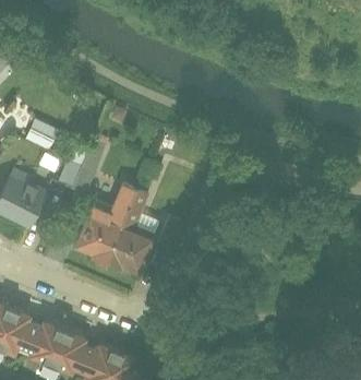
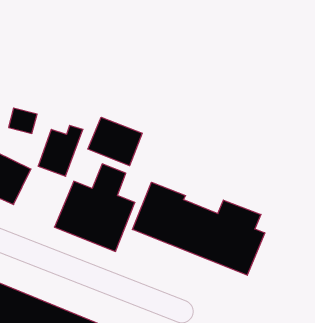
building: none -> [88,117,142,166]
building: none -> [132,182,265,275]

